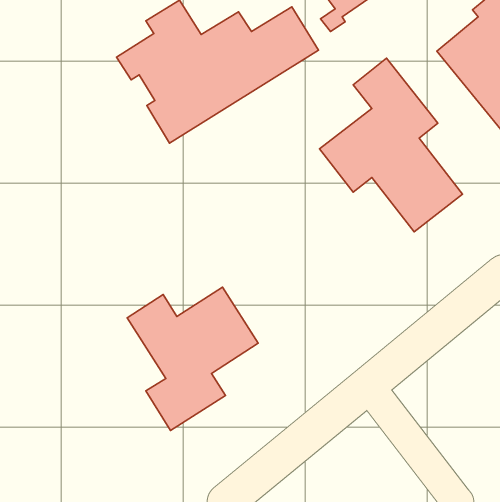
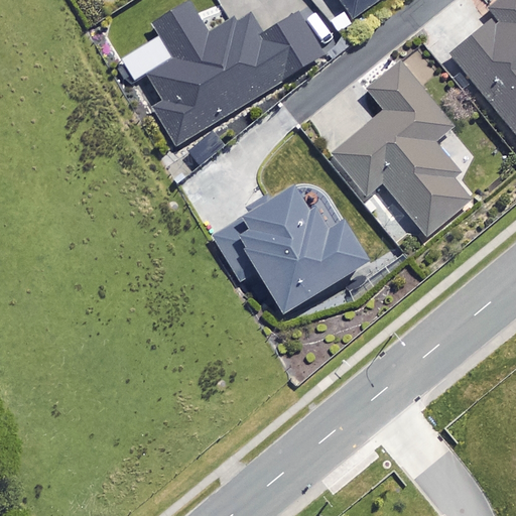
building: none -> [215,182,366,313]
building: [127,287,258,430] -> none

